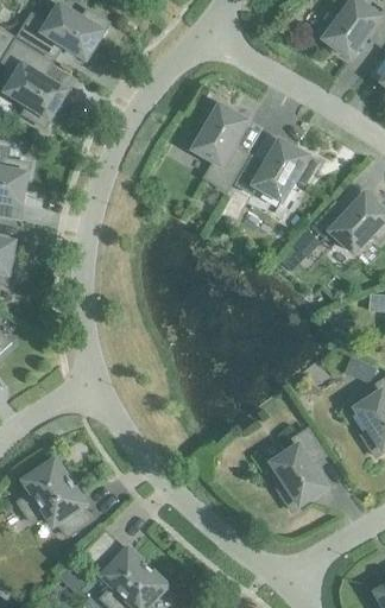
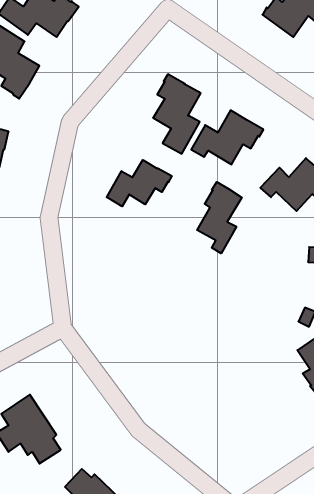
building: none -> [107,160,172,206]
building: none -> [197,182,242,253]
building: [271,429,326,509] -> none

